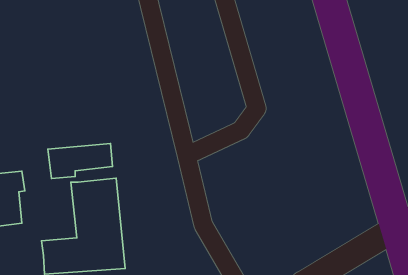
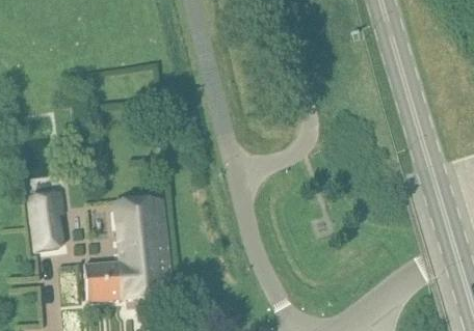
building: [48,144,113,178] -> none

